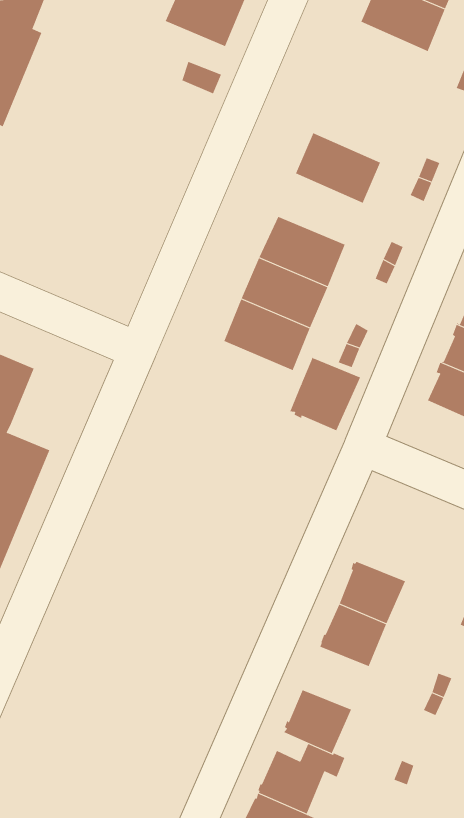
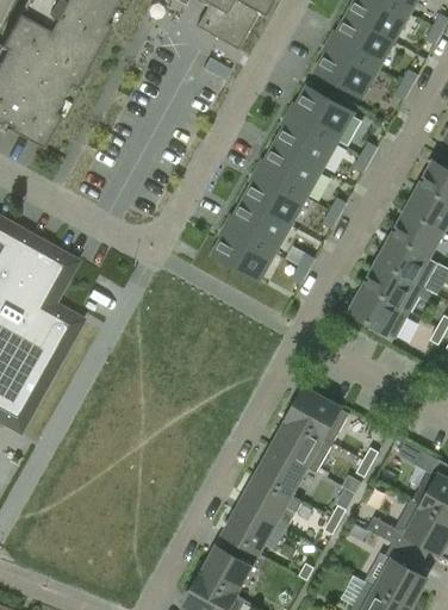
building: none -> [315,43,377,98]
building: none -> [290,87,351,143]
building: none -> [259,144,319,198]
building: [289,356,361,431] -> none
building: none -> [287,390,348,444]
building: none -> [239,478,288,524]

